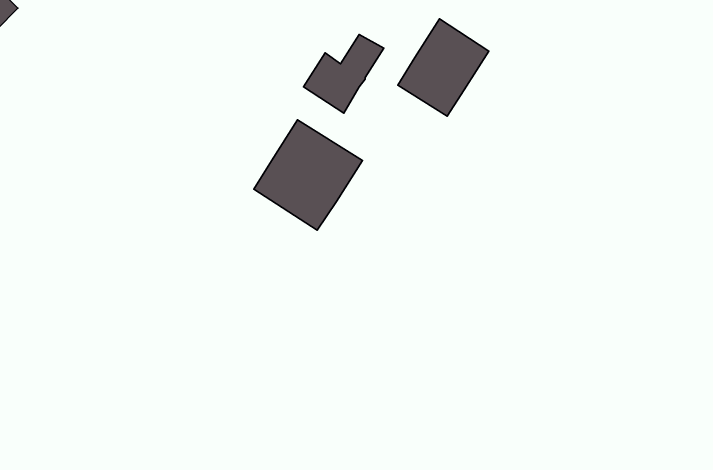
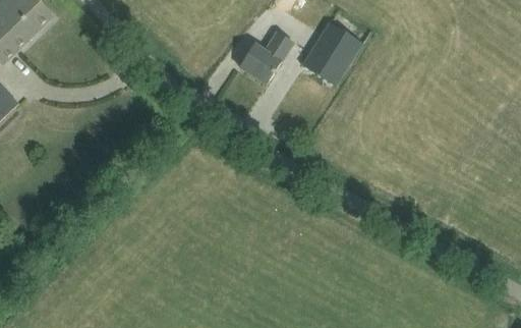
building: [254,120,363,230] -> none

